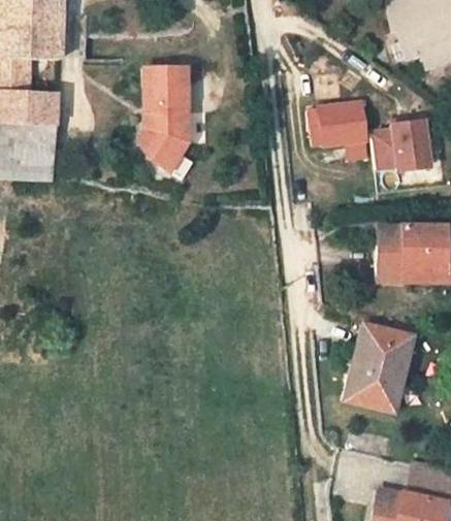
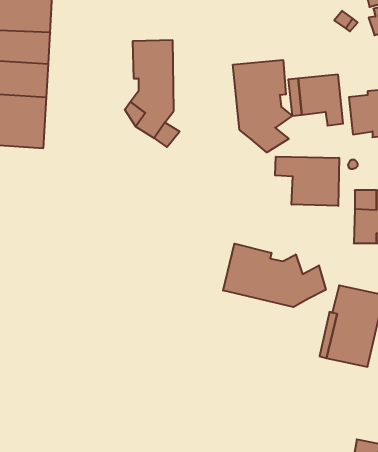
building: none -> [233,60,292,152]
building: none -> [275,157,339,206]
building: none -> [223,244,326,307]

